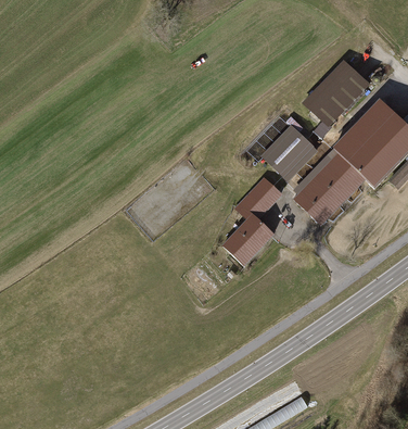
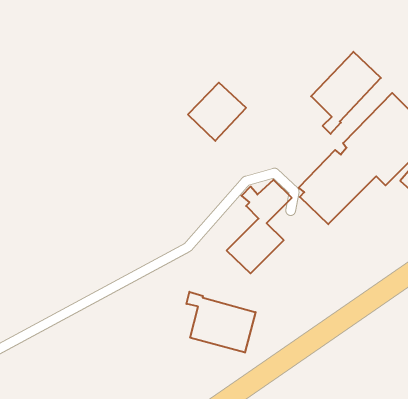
building: [262,126,317,181] -> [188,83,246,141]
building: none -> [186,292,256,353]

